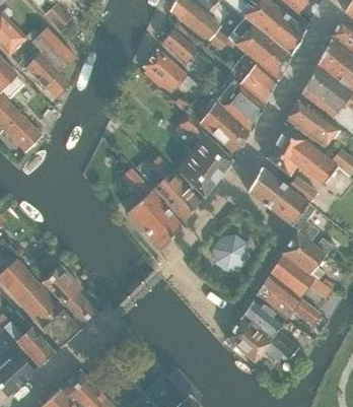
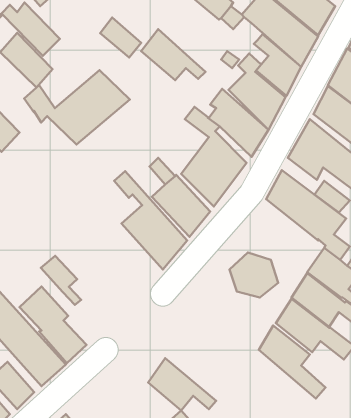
building: [162,28,197,62] -> [100,17,141,57]
building: none -> [24,70,130,145]
building: none -> [41,256,81,305]
building: [226,318,283,361] -> [148,358,216,410]

